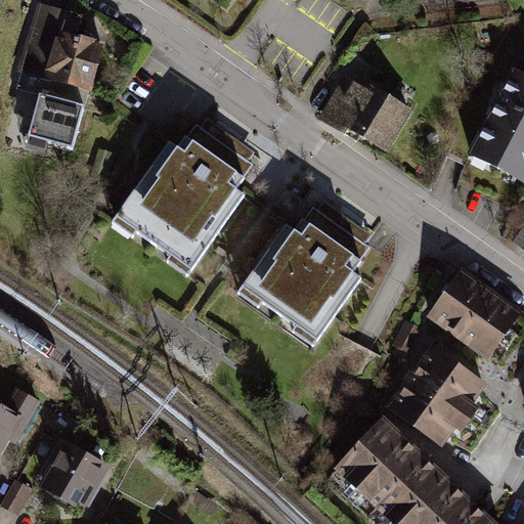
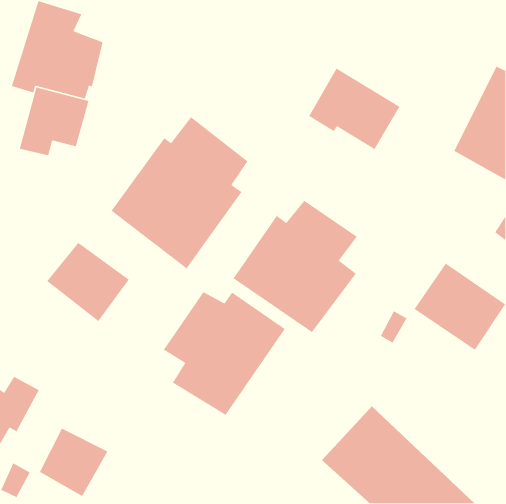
building: none -> [46,242,130,322]
building: none -> [163,291,286,416]
building: [383,340,489,448] -> none

